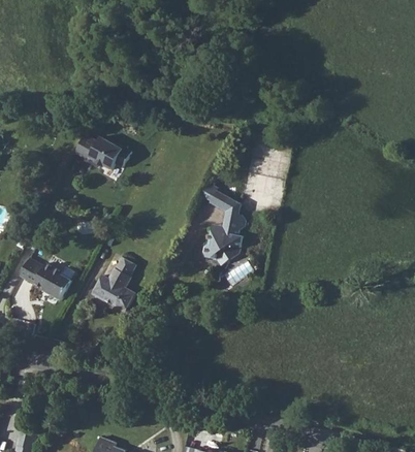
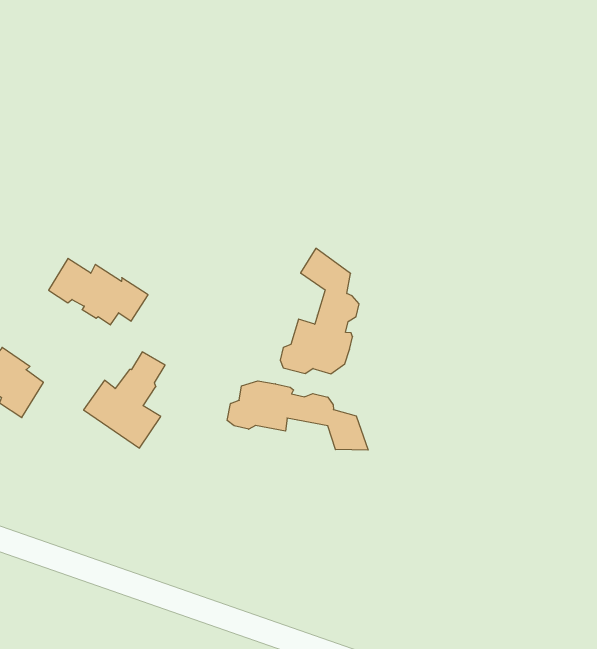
building: [76,129,132,164] -> [49,258,148,325]
building: none -> [227,381,368,450]

